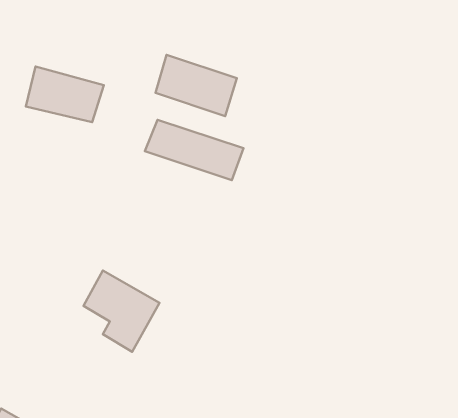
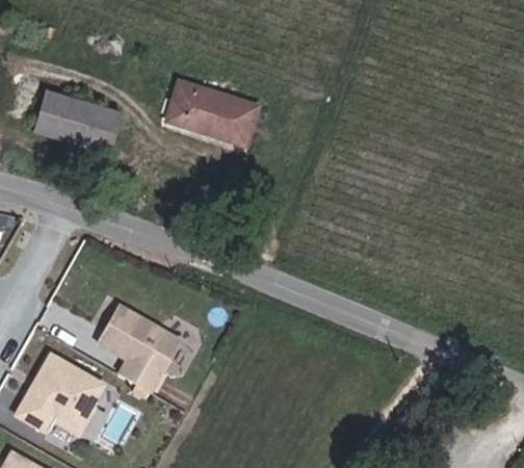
building: [145,120,244,180] -> none
building: none -> [15,356,102,435]

